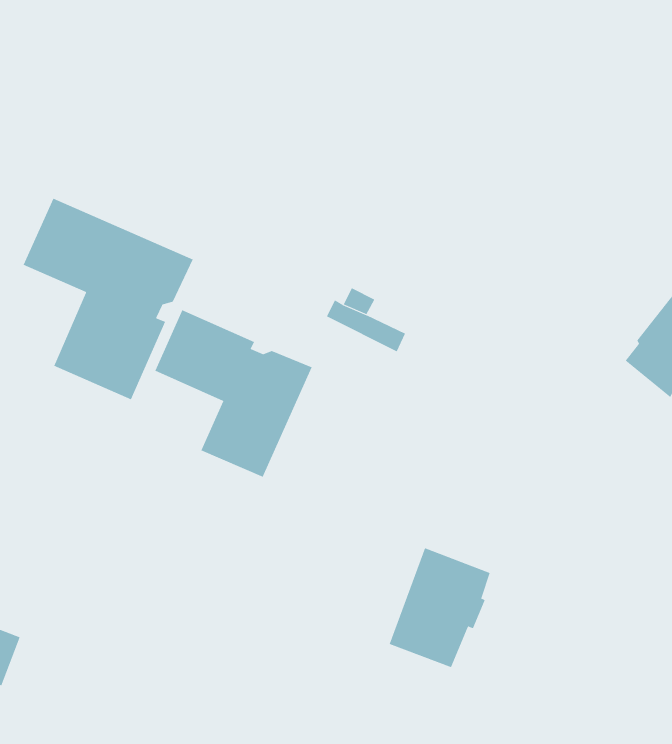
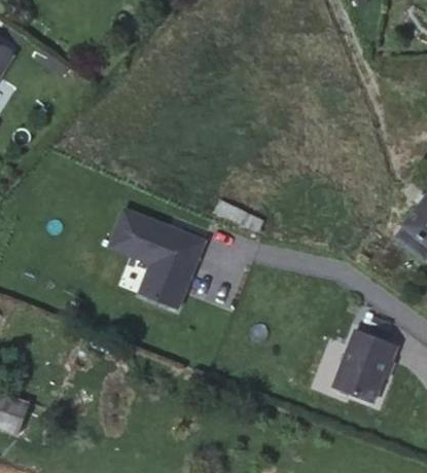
building: [23,198,193,400] -> none
building: [389,547,491,668] -> [334,329,396,402]

